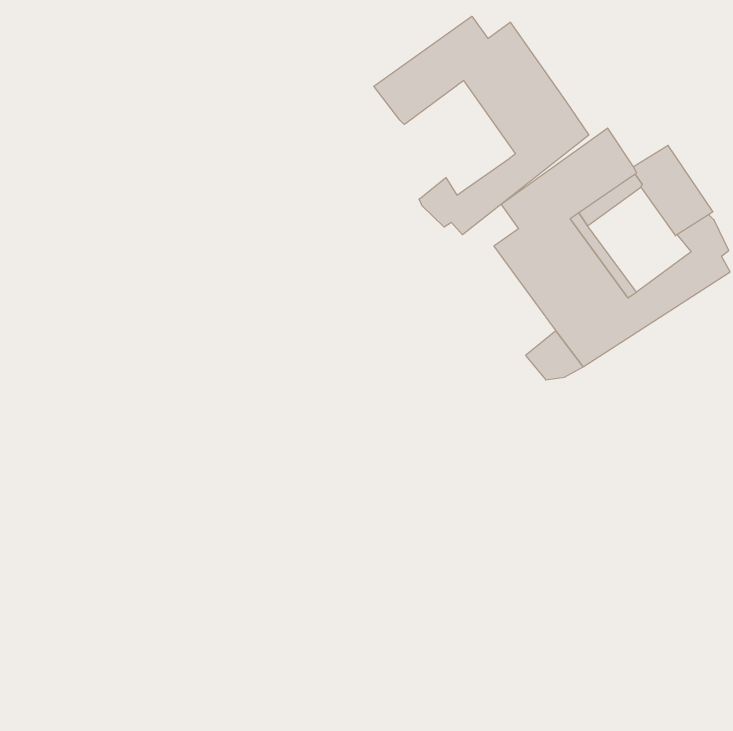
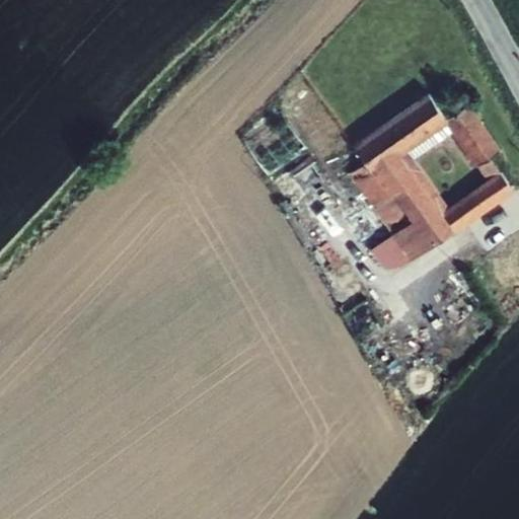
building: [374,16,589,235] -> none

